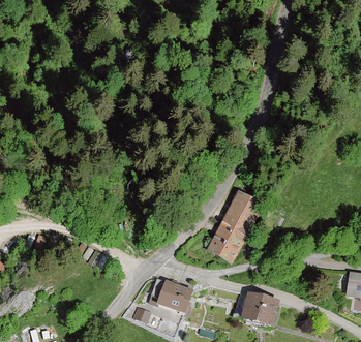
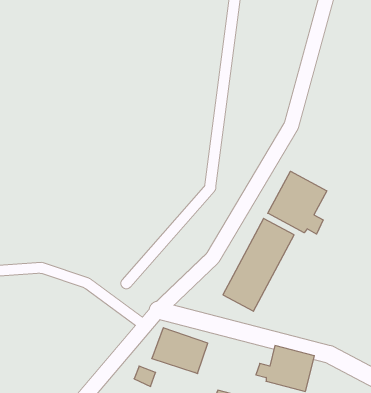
building: none -> [268,171,327,234]

